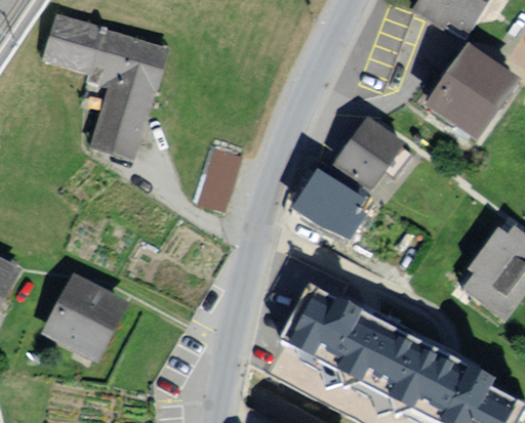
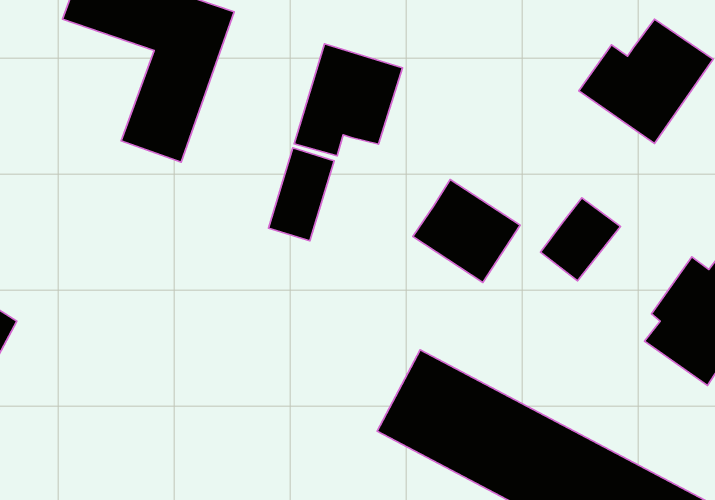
building: none -> [294,44,402,156]
building: [344,125,401,184] -> [540,198,621,281]
building: [43,277,125,355] -> none

